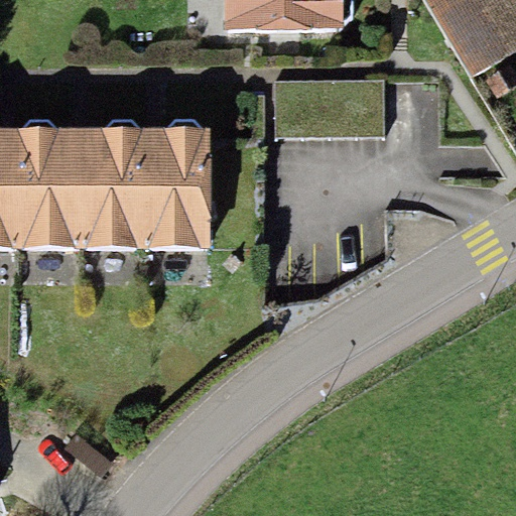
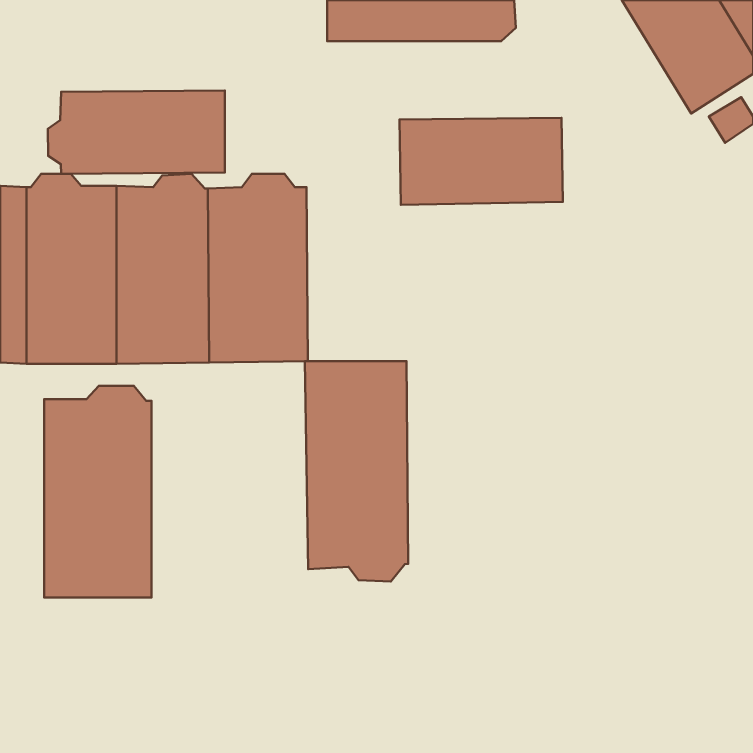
building: none -> [48,91,225,174]
building: none -> [305,361,408,581]
building: none -> [44,386,152,598]

